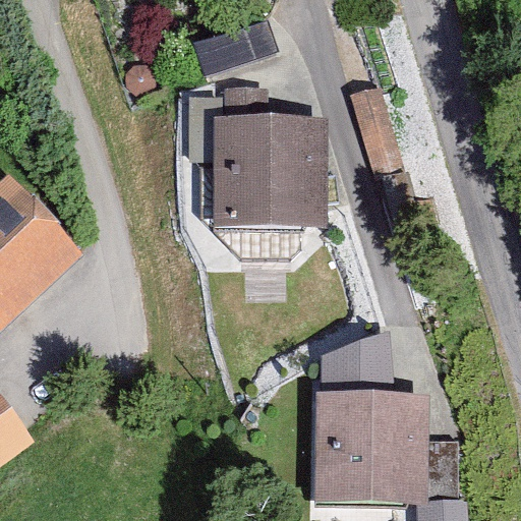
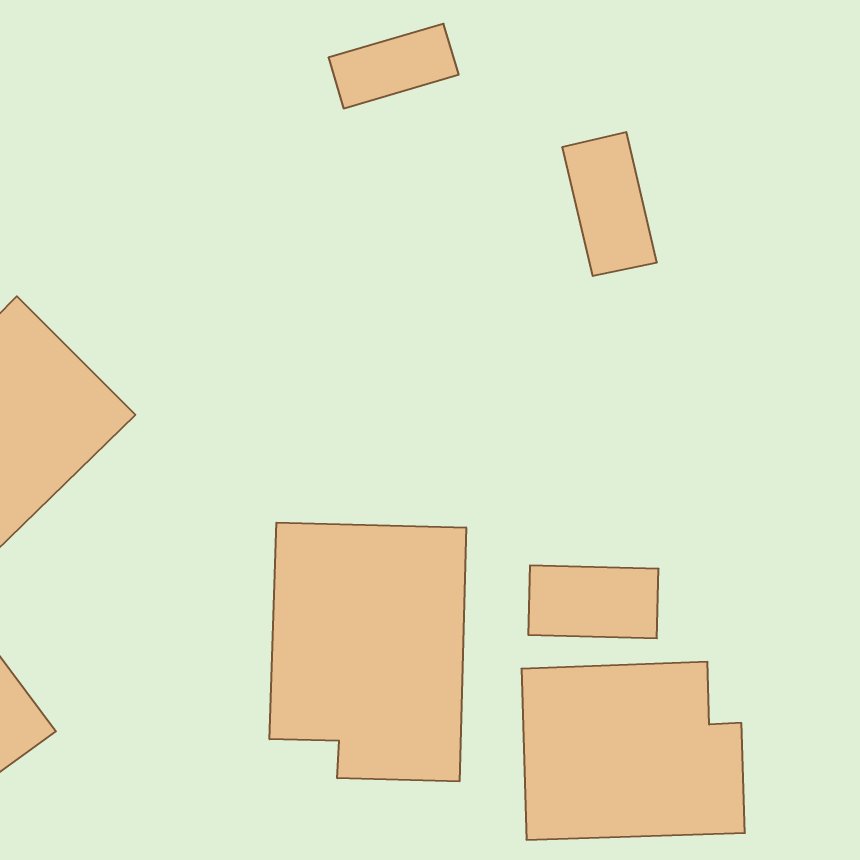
building: [217,121,325,224] -> none
building: none -> [270,523,466,781]

